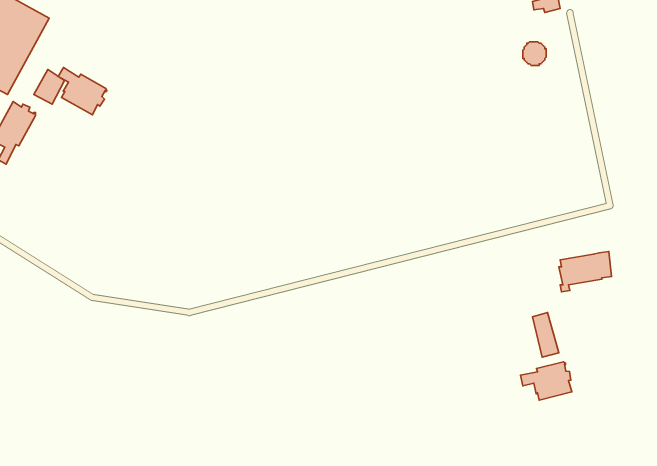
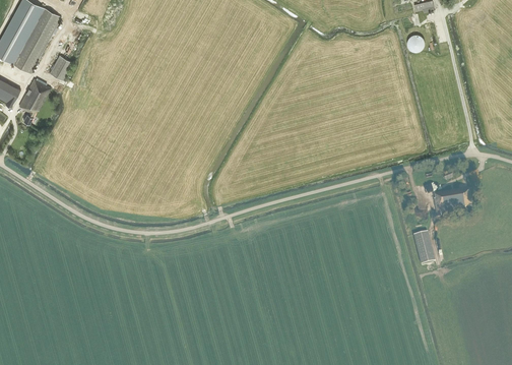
building: [58,67,107,115] -> none
building: [520,362,572,400] -> none

